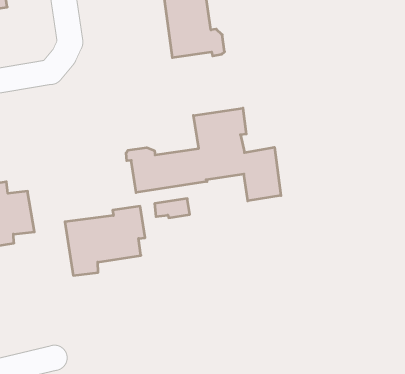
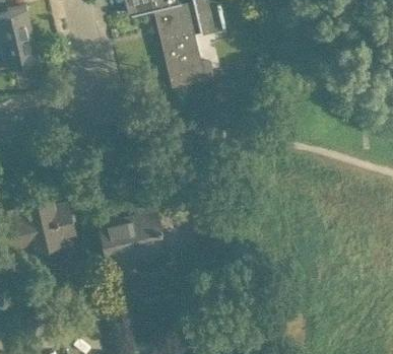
building: [126,108,281,201] -> none

